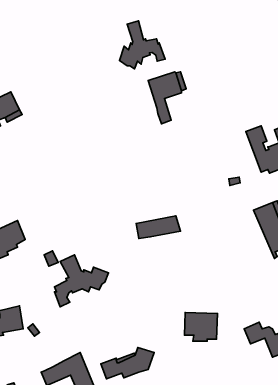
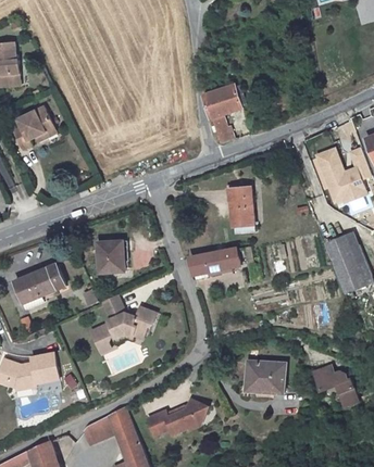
building: [120,21,165,69] -> none
building: none -> [227,188,251,228]
building: none -> [98,241,125,273]

